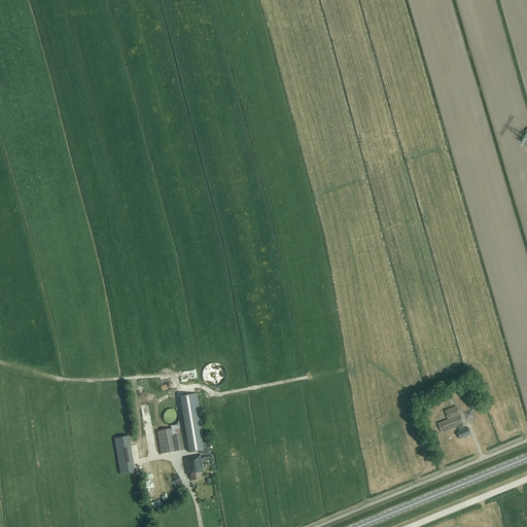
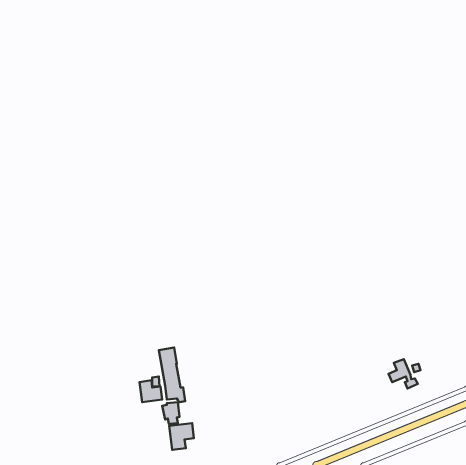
building: [114,434,135,473] -> none
building: none -> [169,423,194,450]

